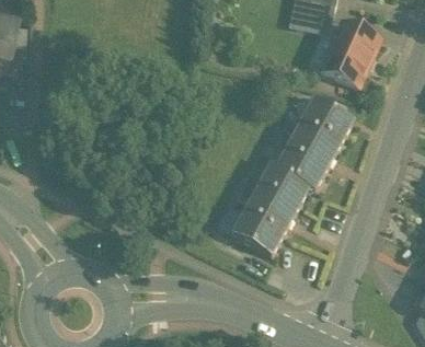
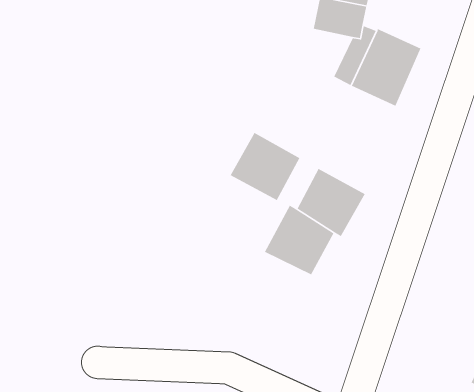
building: [295,102,352,158] -> [230,132,300,201]
building: [233,205,289,257] -> none

